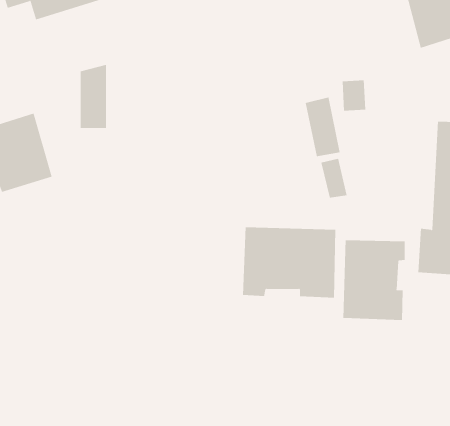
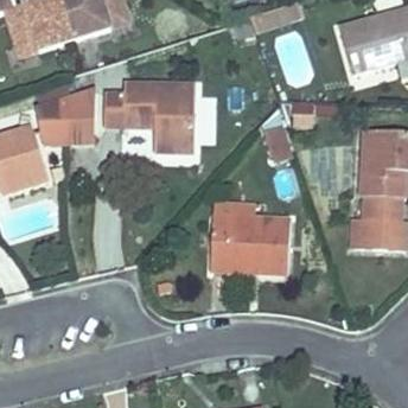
building: none -> [104,81,198,149]
building: none -> [39,91,71,140]
building: [343,239,405,321] -> none

